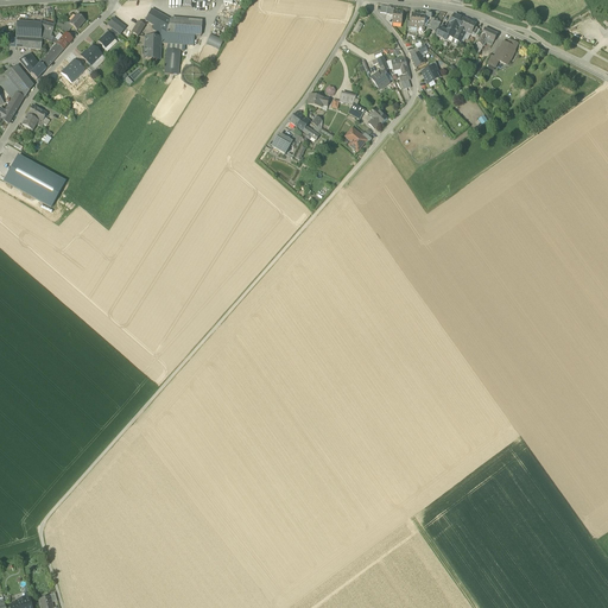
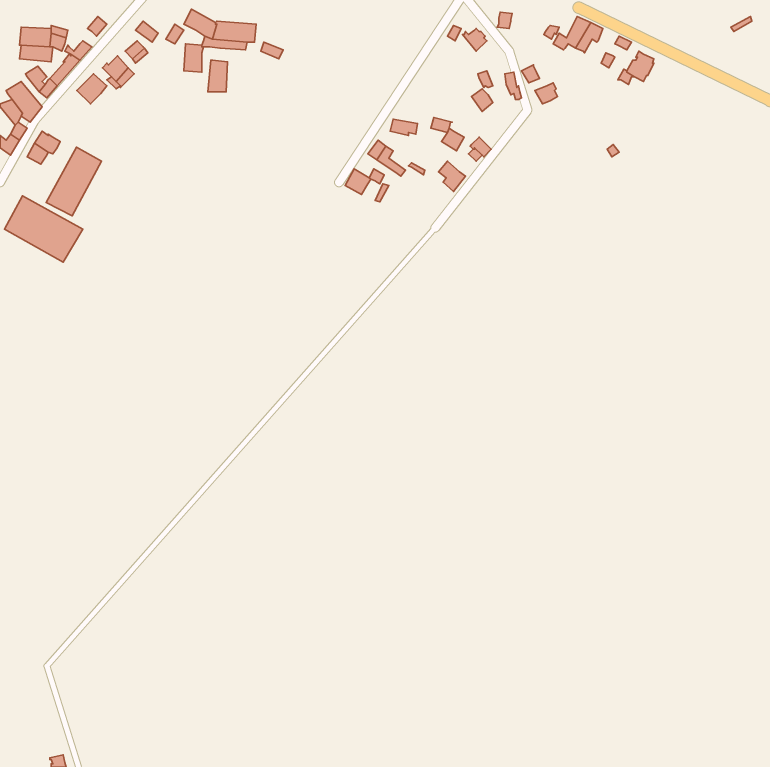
building: none -> [46,147,102,216]

